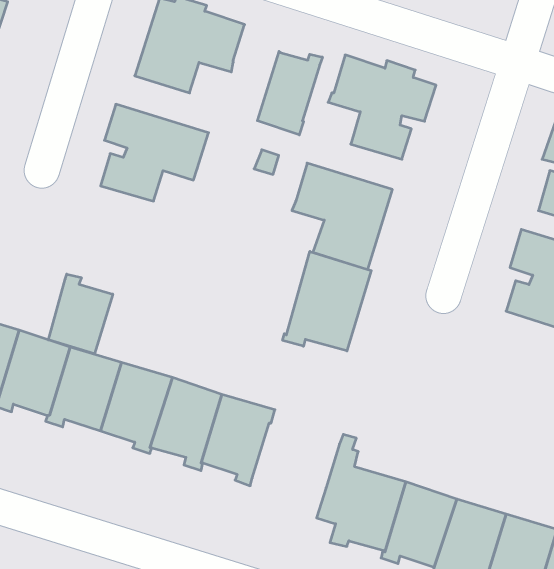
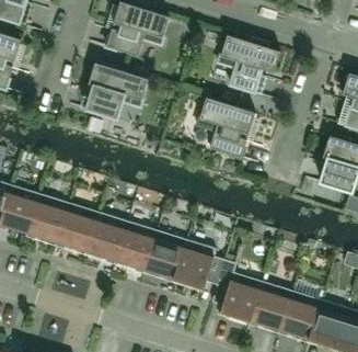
building: [257,51,322,135] -> none
building: [283,251,371,351] -> none
building: [48,274,113,354] -> none
building: none -> [174,240,224,293]

